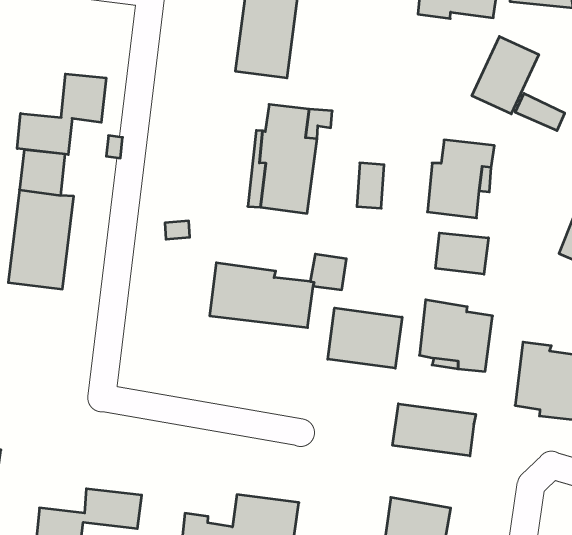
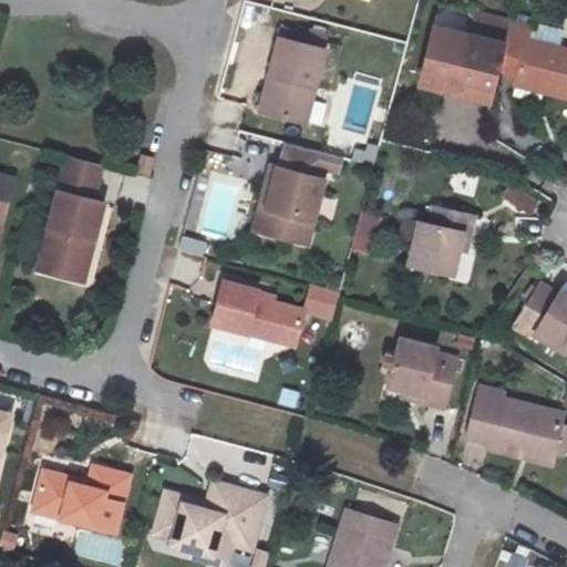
building: [472,36,539,114] -> none
building: [17,74,106,155] -> none
building: [436,233,488,274] -> none
building: [328,308,402,368] -> none
building: [393,404,476,456] -> none

